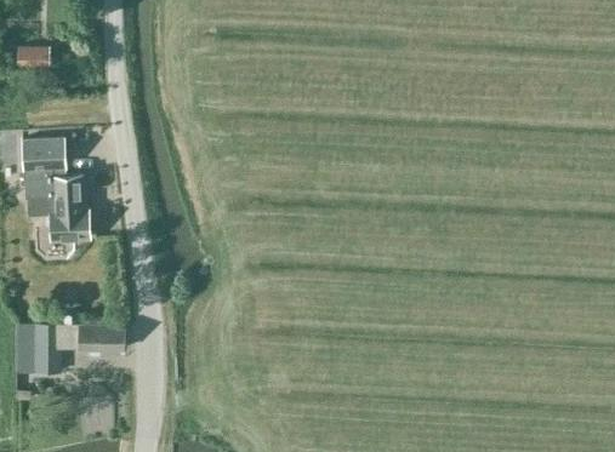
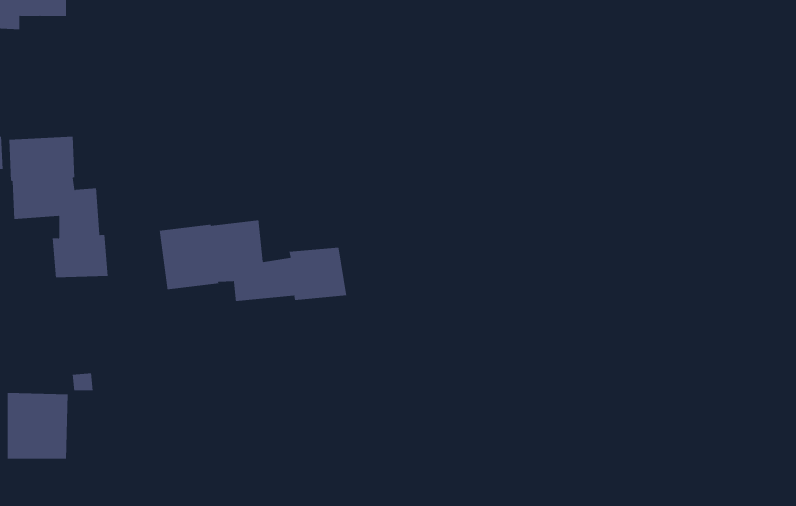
building: none -> [159,220,347,302]
building: [78,328,125,359] -> none

